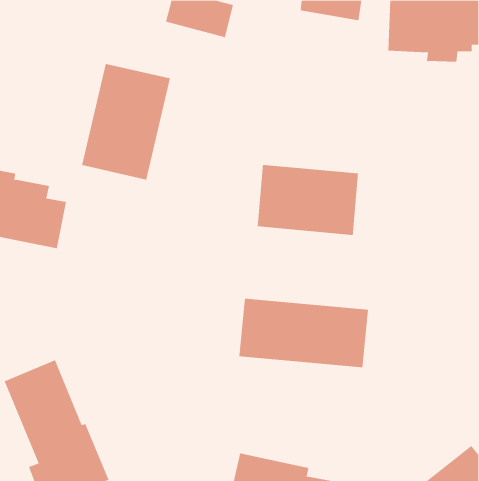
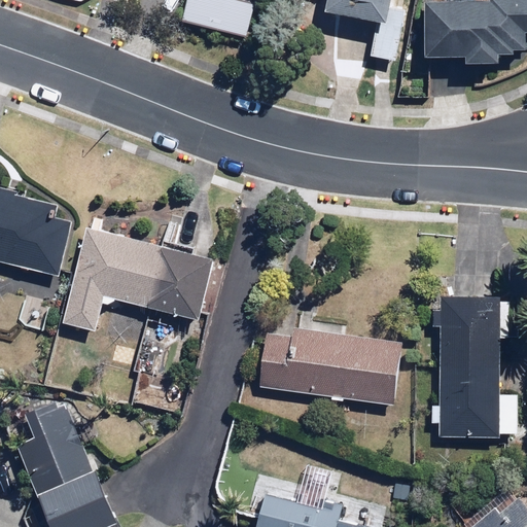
building: [81,63,170,180] -> none
building: [257,164,359,236] -> none
building: none -> [61,227,211,331]
building: none -> [430,292,517,437]

